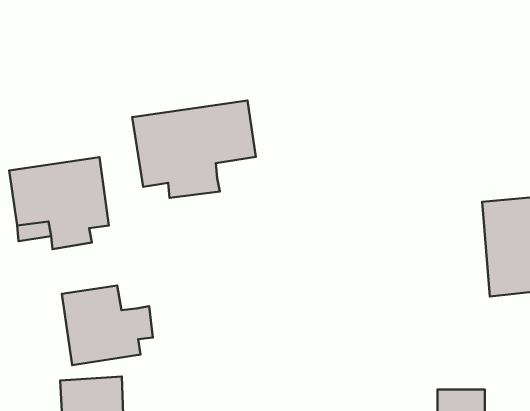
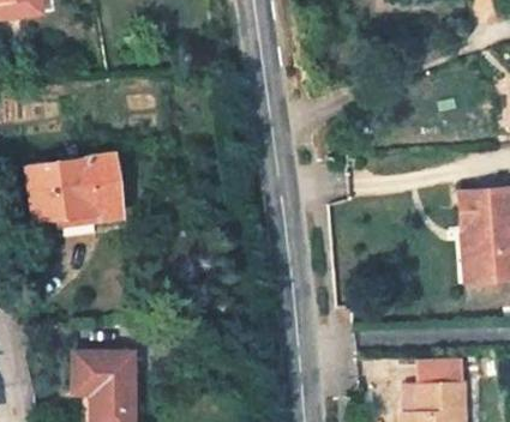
building: [132,100,256,198] -> none
building: [62,286,153,365] -> none

